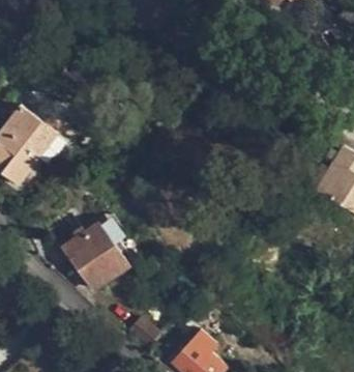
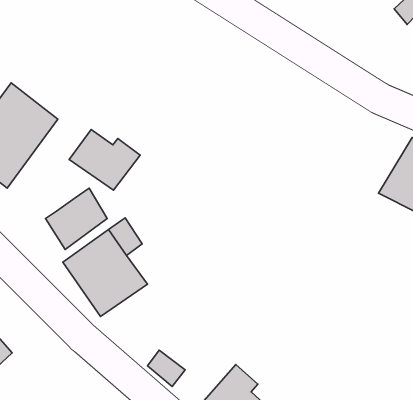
building: none -> [69,130,140,190]
building: none -> [46,188,107,250]

